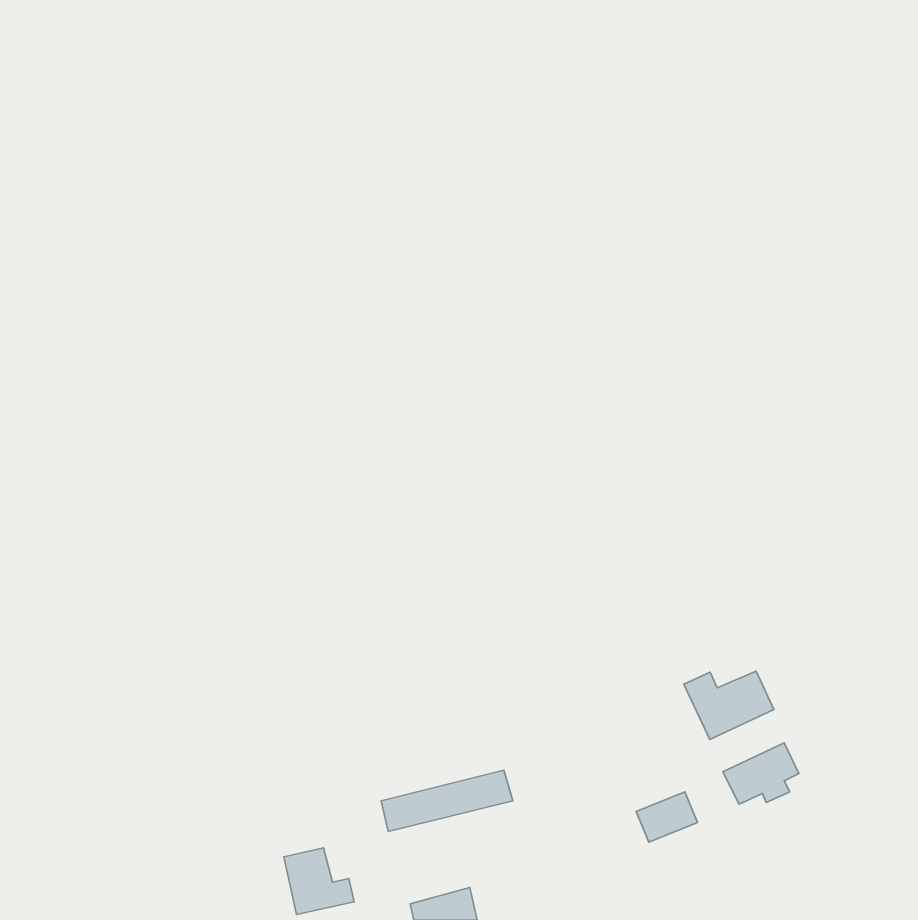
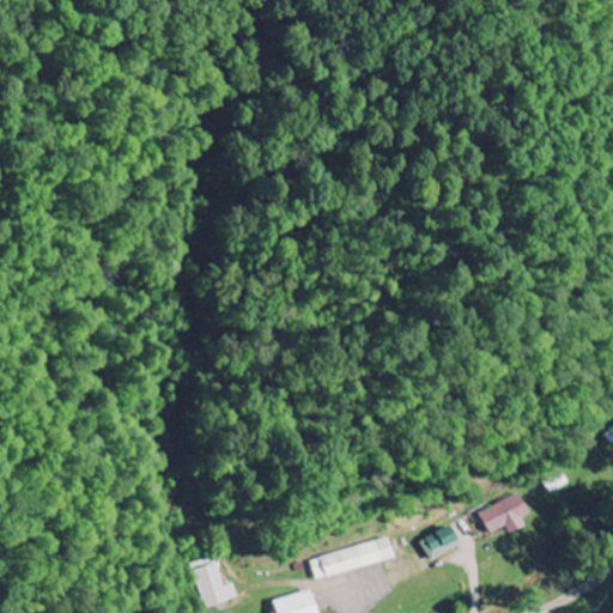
building: [684,671,774,740] -> none
building: [381,770,513,832] -> [310,538,397,578]

